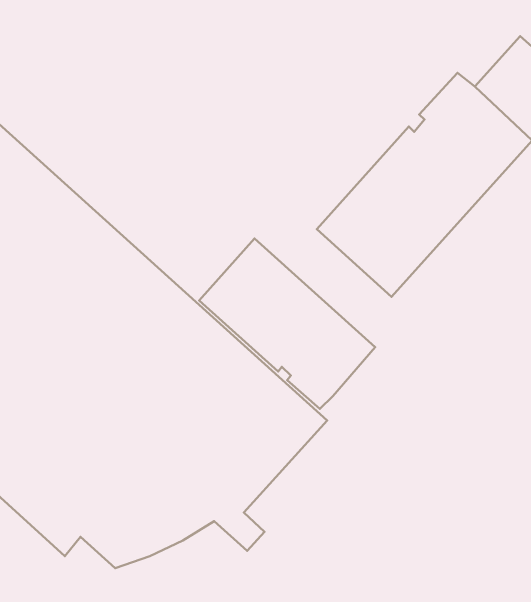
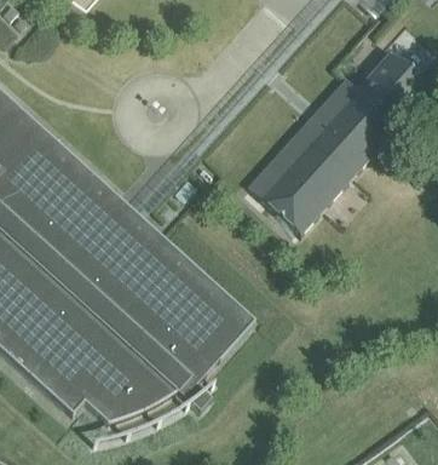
building: [199,239,375,409] -> none

